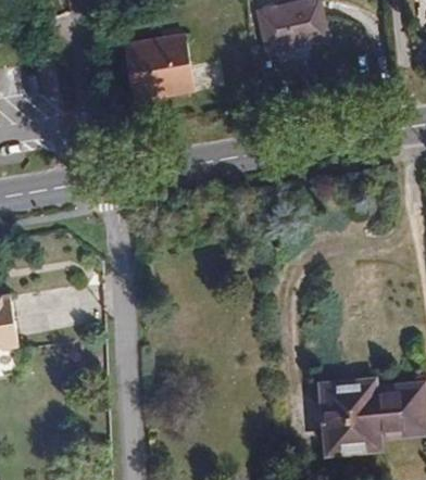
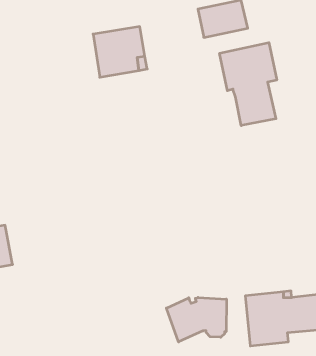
building: none -> [220,43,277,126]
building: none -> [166,297,226,342]

